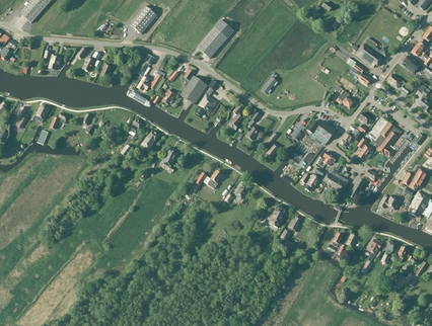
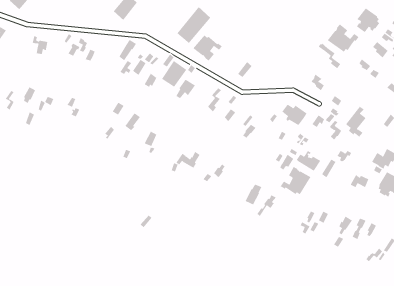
building: none -> [356,8,380,33]
building: none -> [193,35,223,61]
building: none -> [280,166,311,195]

